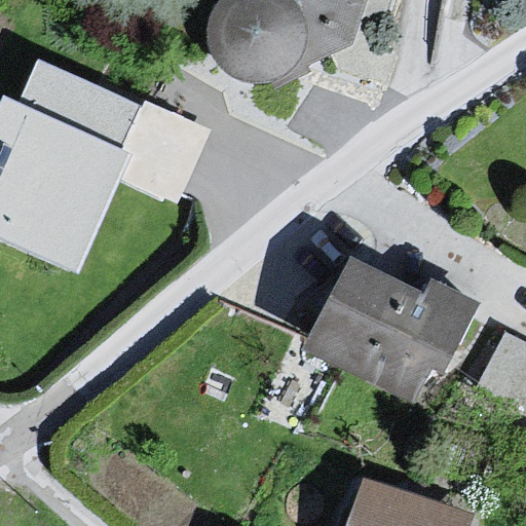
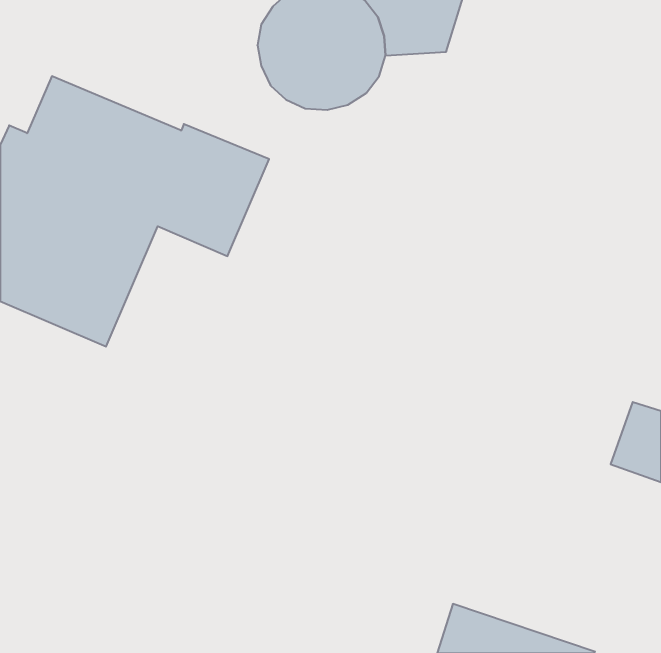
building: [295,257,480,407] -> none

